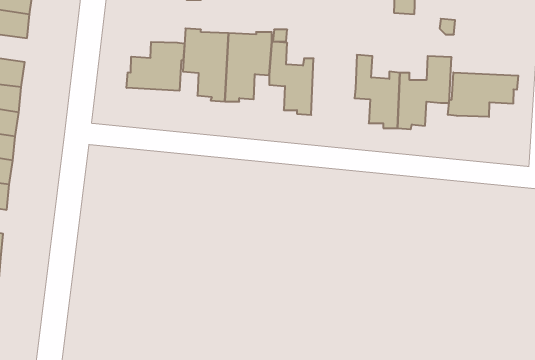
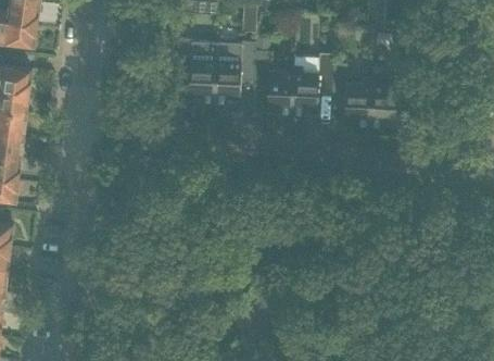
building: [127,42,185,91] -> none
building: none -> [291,53,333,116]
building: [448,72,518,117] -> none

